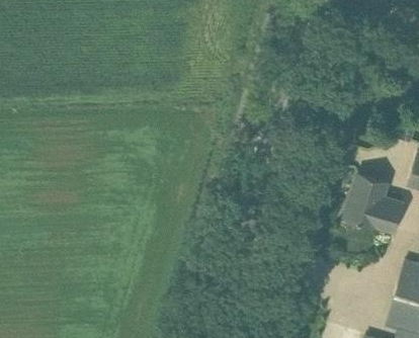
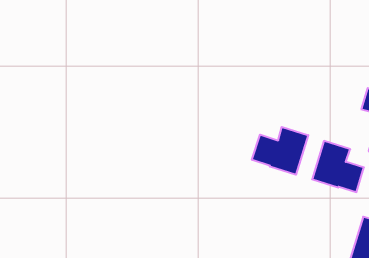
building: none -> [252,127,308,175]

